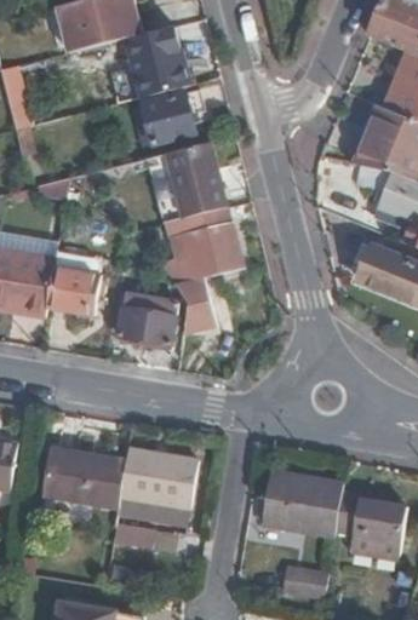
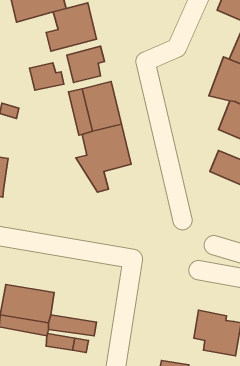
building: none -> [30,63,64,90]
building: [47,265,98,314] -> none
building: [120,294,178,343] -> none
building: [119,448,195,506] -> none
building: [260,472,343,535] -> none

